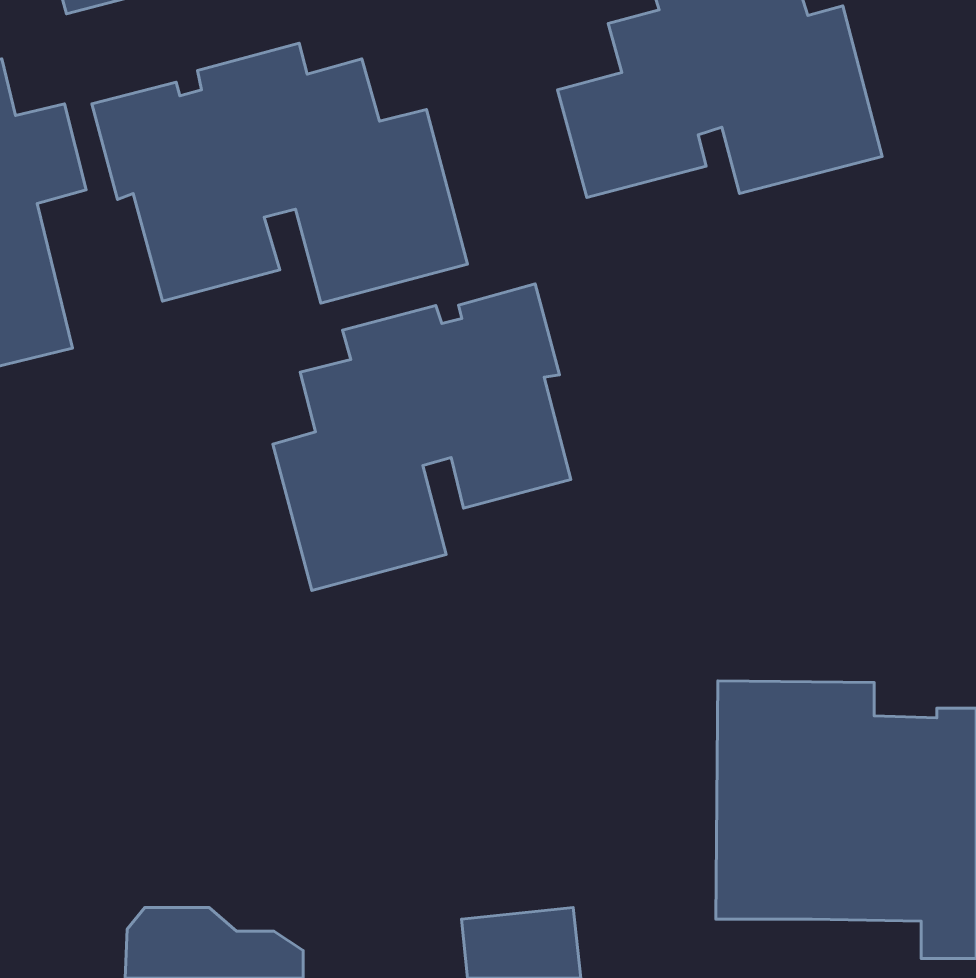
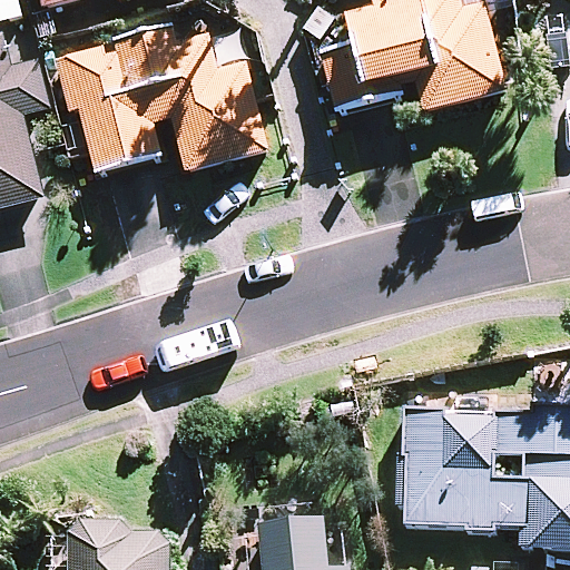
building: [273,284,571,590] -> none

